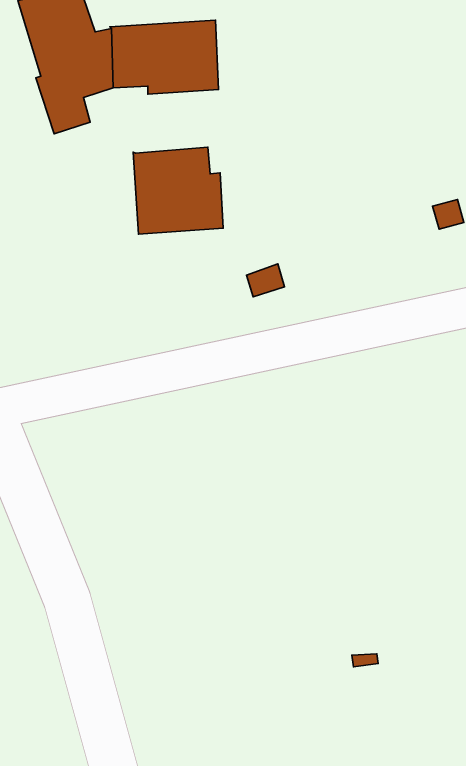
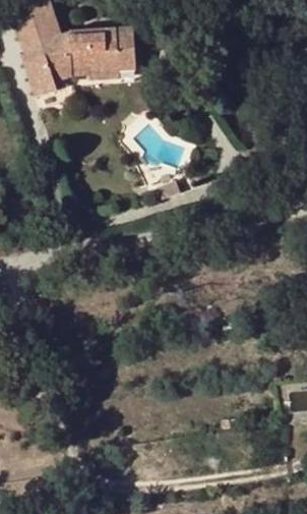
building: [133,147,223,234] -> none

